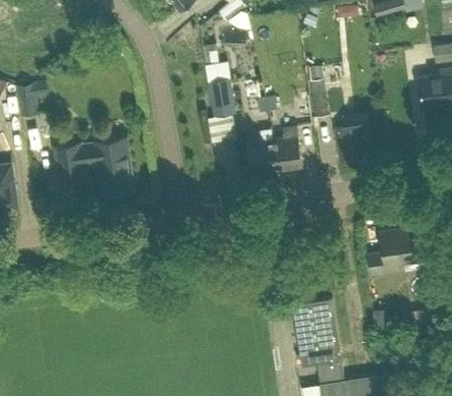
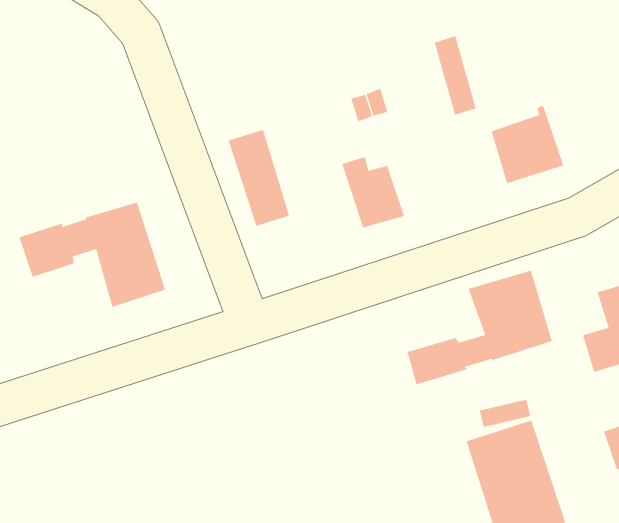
building: [206,62,234,117] -> [228,129,290,227]
building: [272,127,302,170] -> none
building: none -> [407,270,553,385]

